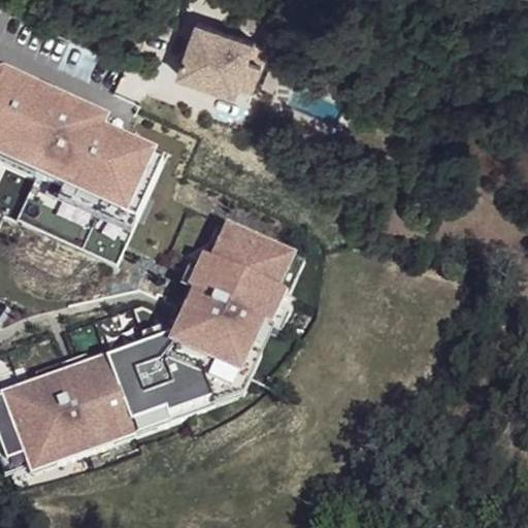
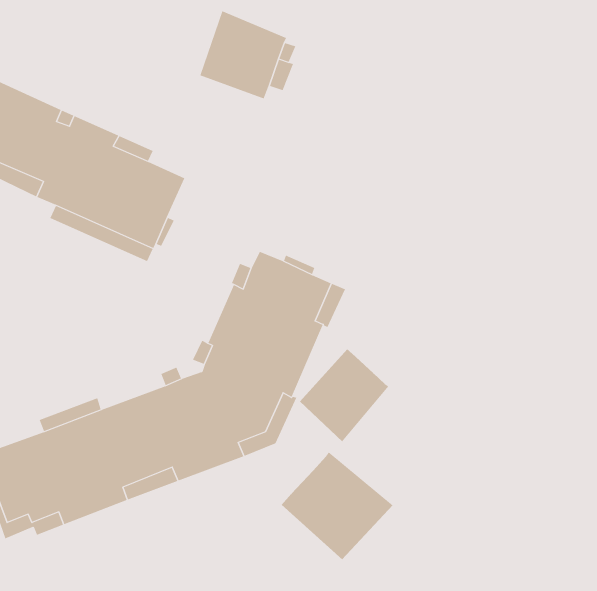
building: none -> [299,348,389,442]
building: none -> [281,452,394,560]

